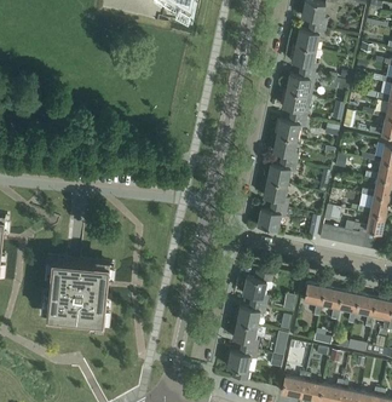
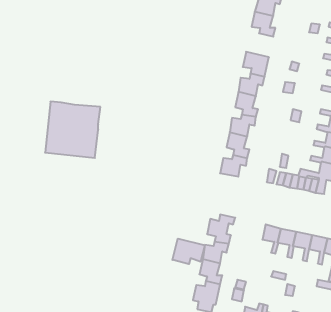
building: [286,68,316,94] -> none
building: [47,255,109,318] -> [45,102,100,158]
building: none -> [172,239,205,264]

